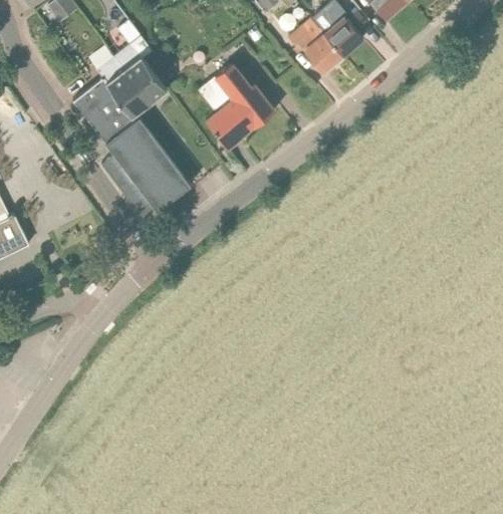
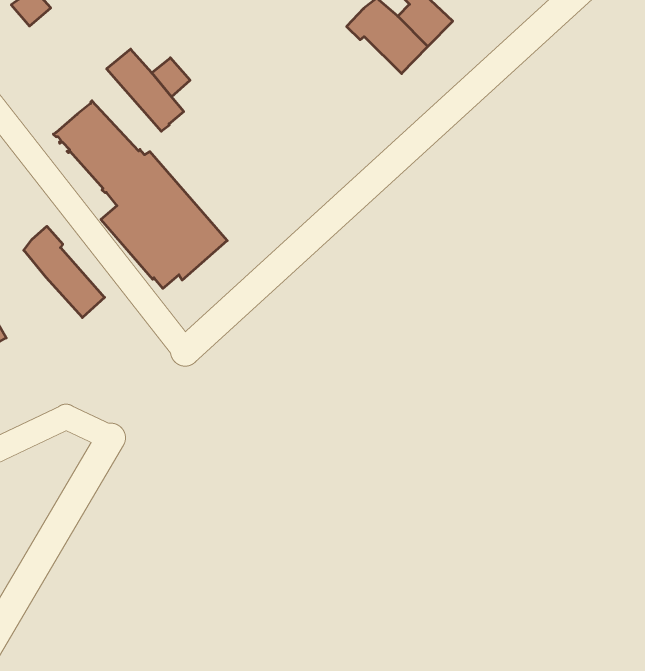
building: [96,57,149,117] -> none
building: [198,65,274,147] -> none
building: none -> [24,226,105,318]

